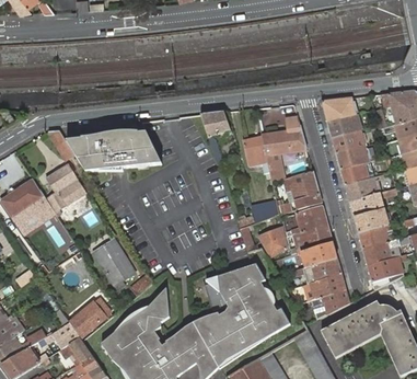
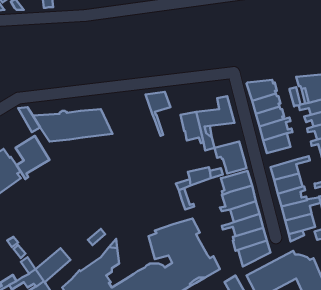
building: [345,175,383,202] -> none
building: [258,227,287,257] -> none
building: [92,239,135,286] -> none

